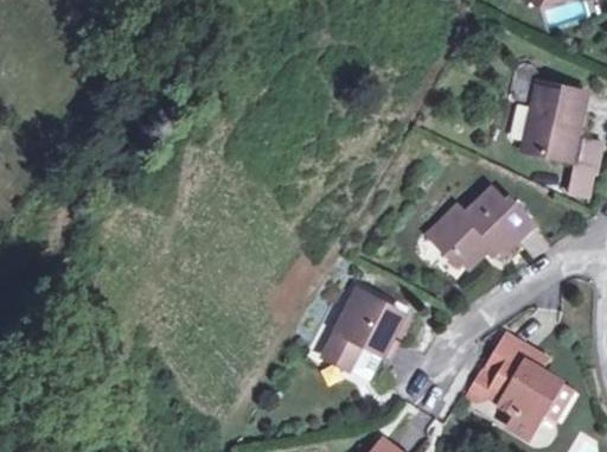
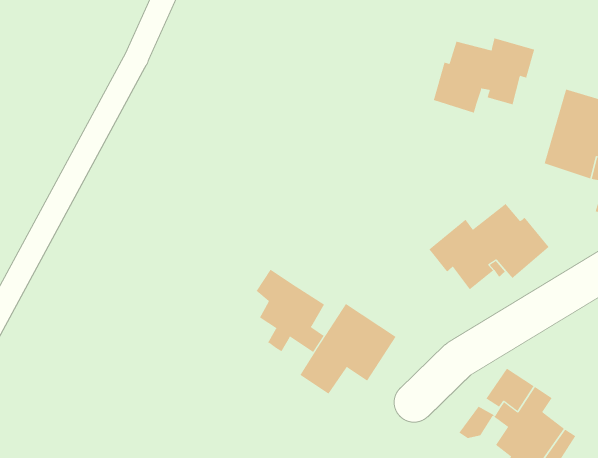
building: none -> [433,37,535,114]
building: none -> [256,269,325,353]

